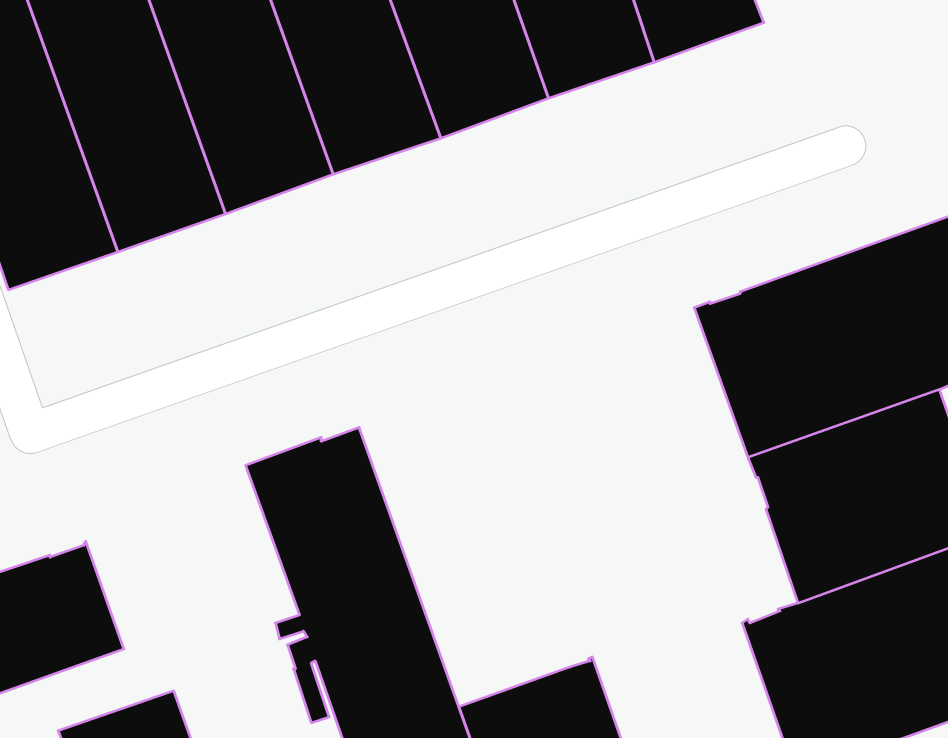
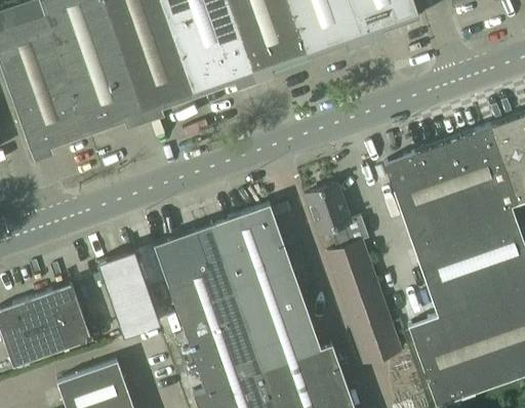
building: none -> [306,183,399,363]
building: none -> [211,203,320,368]
building: none -> [96,249,160,336]

